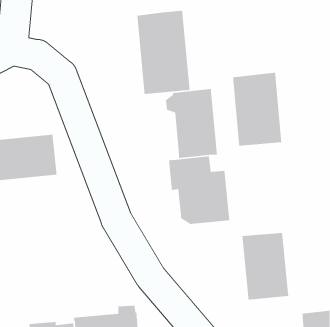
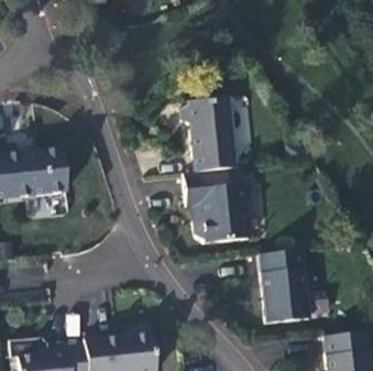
building: [137,10,190,95] -> none
building: [232,72,282,147] -> none

